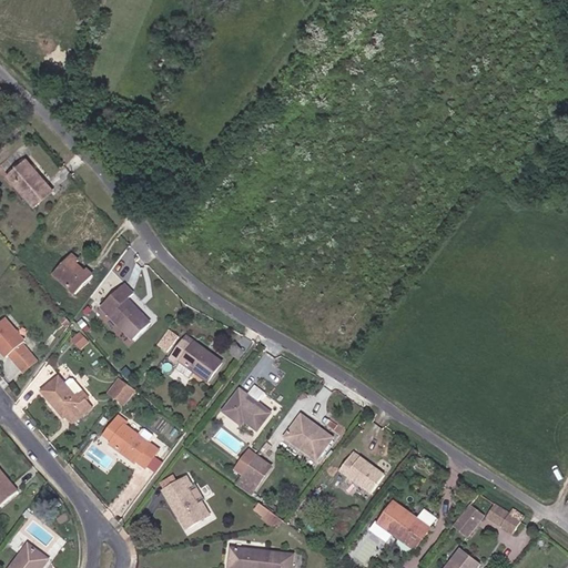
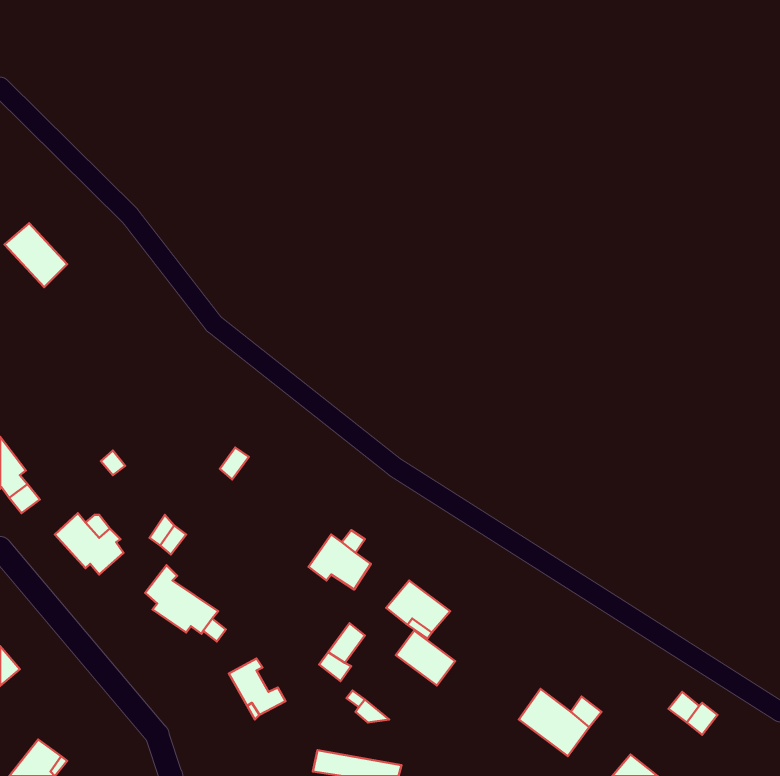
building: [49,255,90,296] -> none
building: [98,282,146,336] -> none
building: [170,339,220,384] -> none
building: [336,454,379,494] -> [396,631,455,686]
building: [452,503,484,536] -> none

